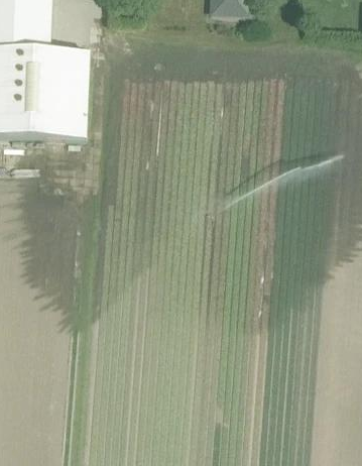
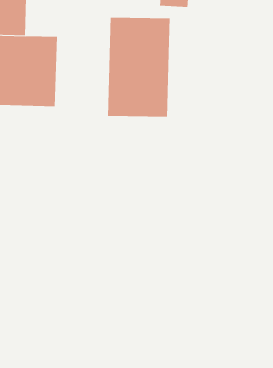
building: none -> [108,17,170,117]

